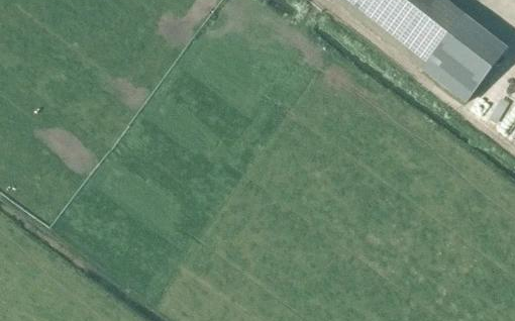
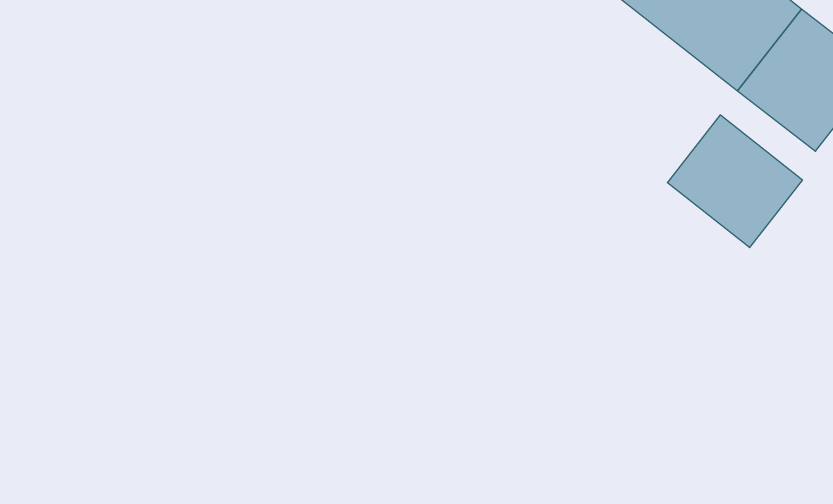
building: none -> [667,115,802,248]

